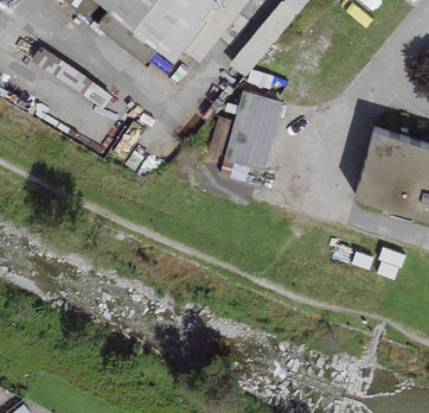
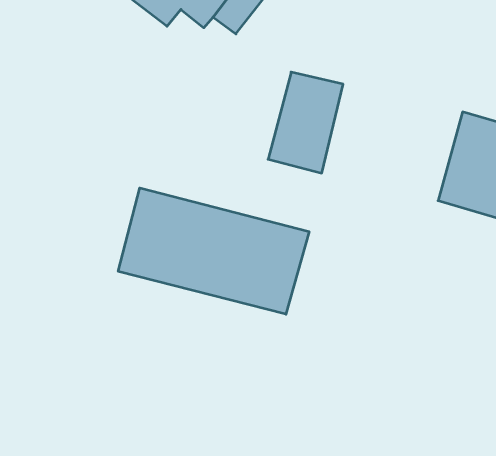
building: none -> [118,188,309,314]

